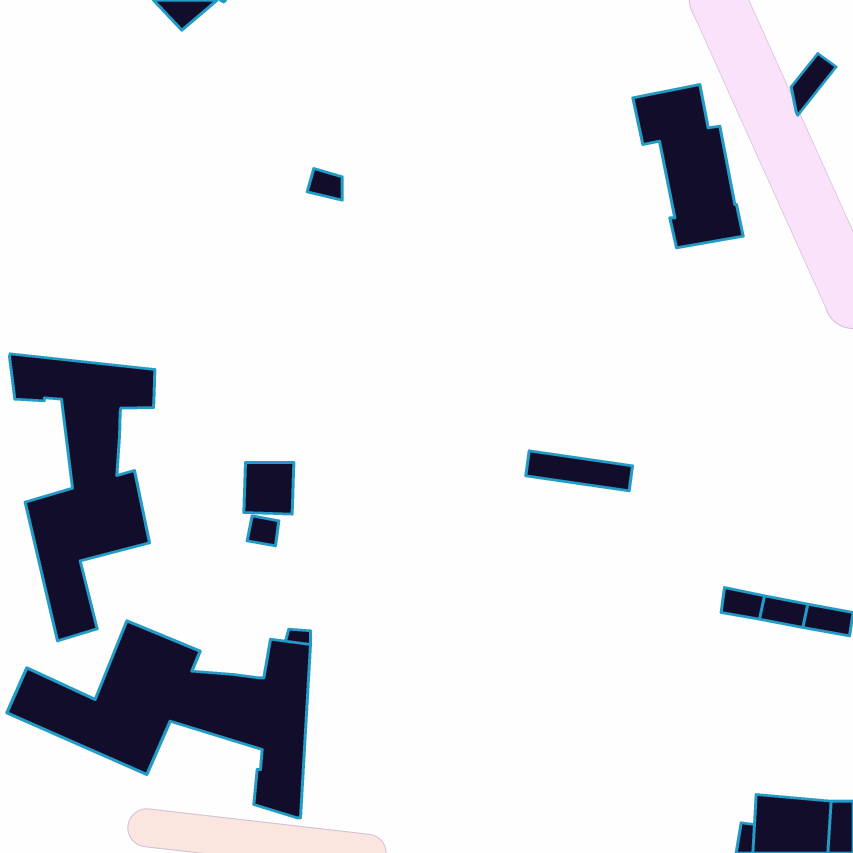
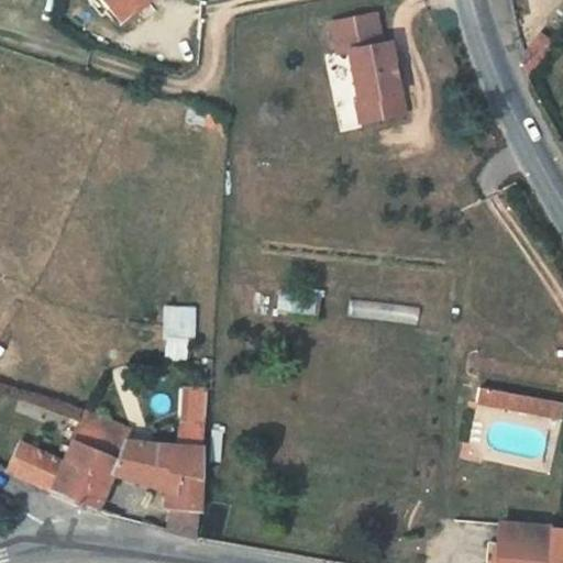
building: [633,84,743,248] -> [334,14,407,122]
building: [10,354,155,641] -> none

